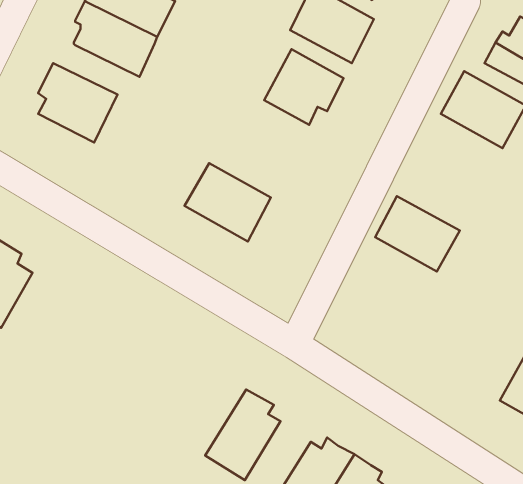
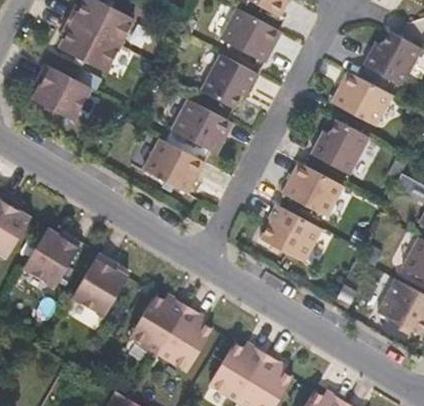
building: none -> [169,98,232,155]
building: none -> [310,118,370,175]
building: none -> [260,204,323,263]
building: none -> [20,228,82,288]
building: none -> [71,252,128,318]
building: none -> [128,292,187,353]

